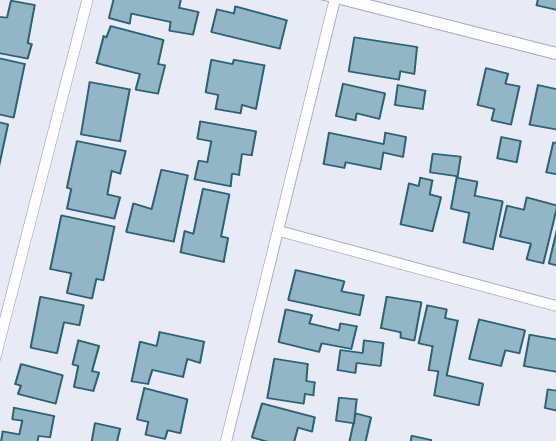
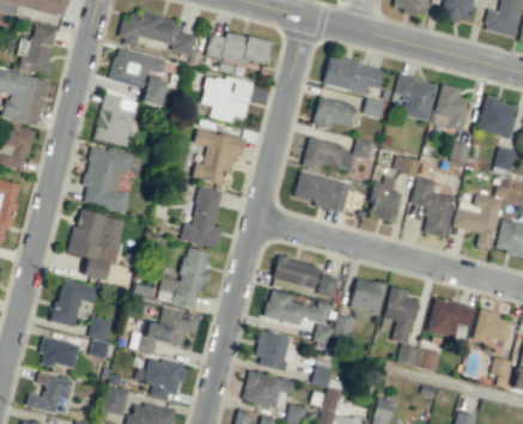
building: none -> [396,75,437,121]
building: [126,170,188,242] -> [158,248,211,309]
building: none -> [293,172,349,211]

